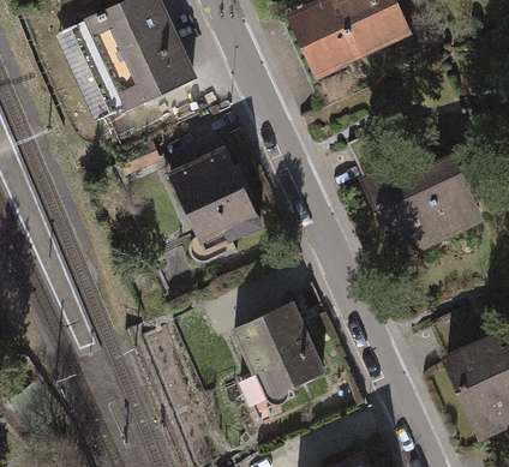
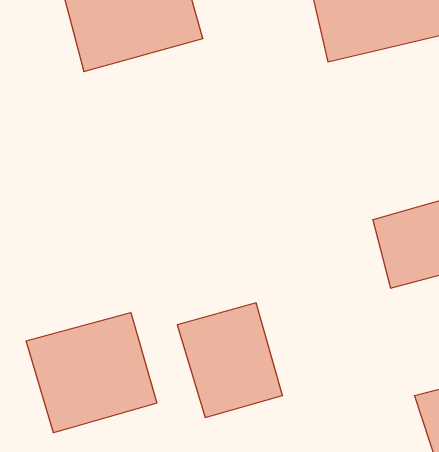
building: [158,142,255,243] -> none
building: none -> [26,313,157,433]

